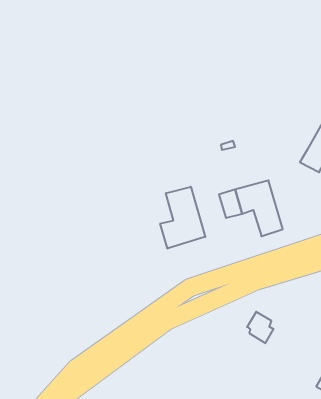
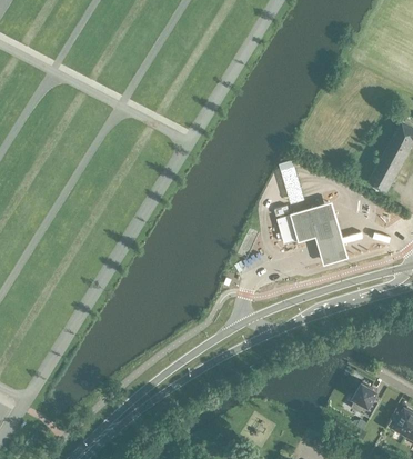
building: [160,187,205,249] -> none
building: [247,312,274,343] -> [347,386,376,420]

